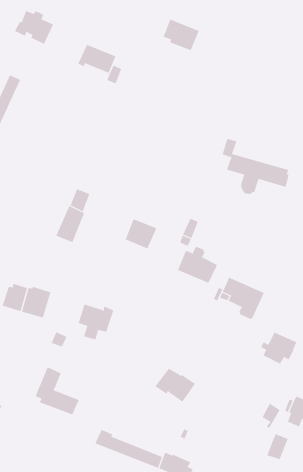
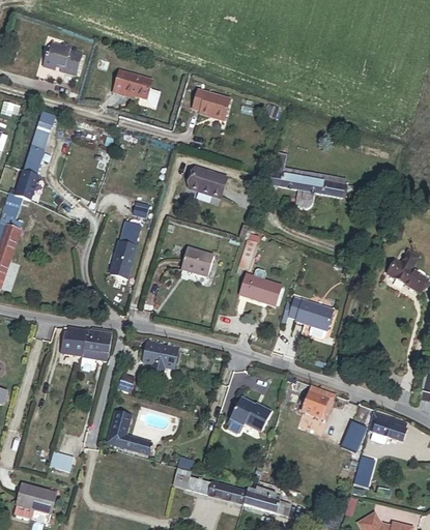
building: [163,19,199,51] -> [192,89,229,120]
building: none -> [188,167,226,199]
building: [261,332,297,364] -> [298,385,336,418]

